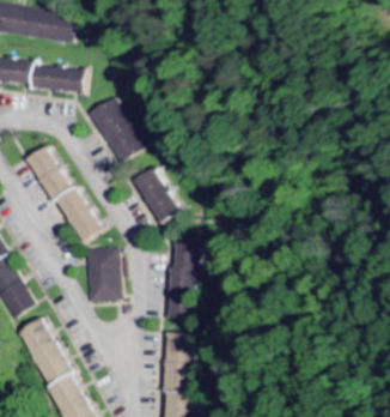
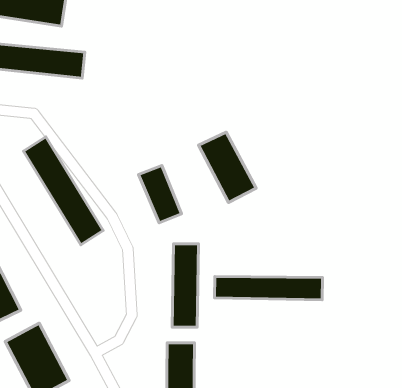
building: [90,99,142,164] -> [199,132,256,203]
building: [86,248,122,302] -> none
building: none -> [215,276,323,300]

